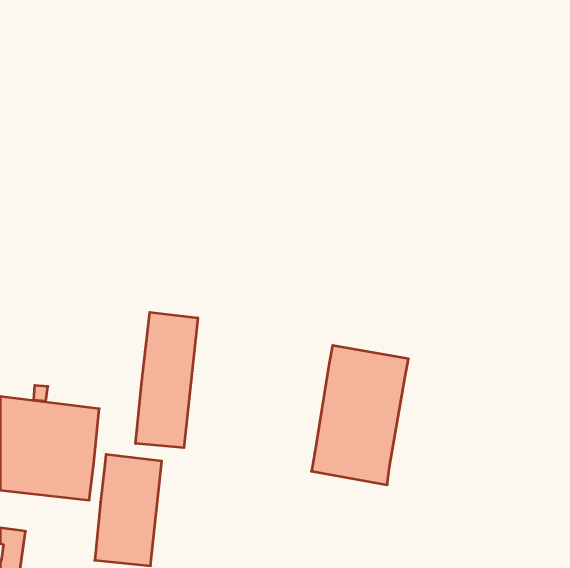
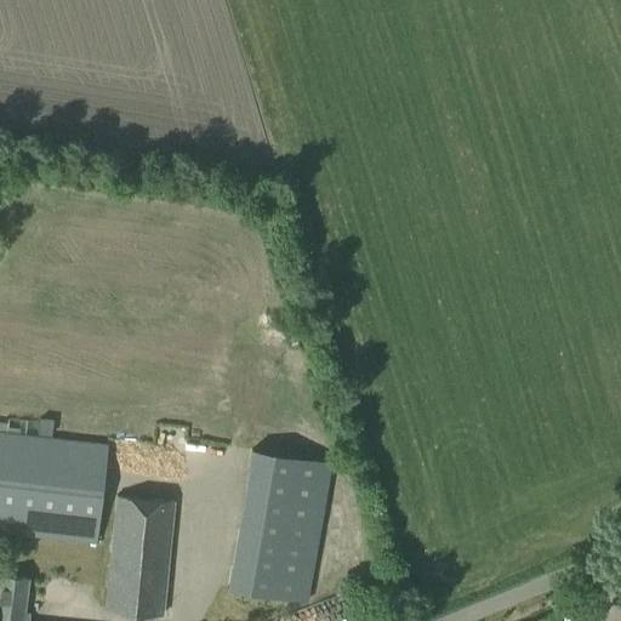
building: [136,312,198,448] -> none
building: [311,345,408,485] -> [227,451,332,603]

